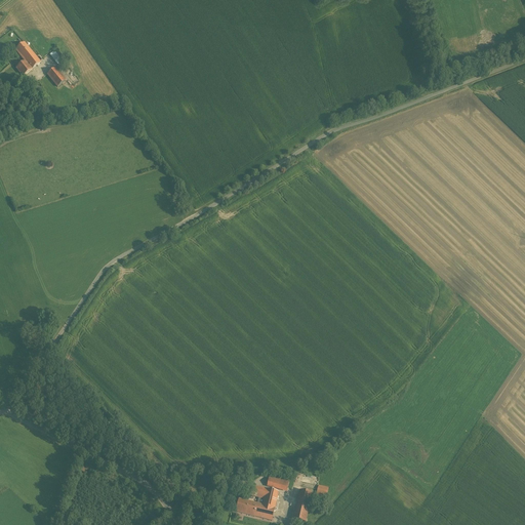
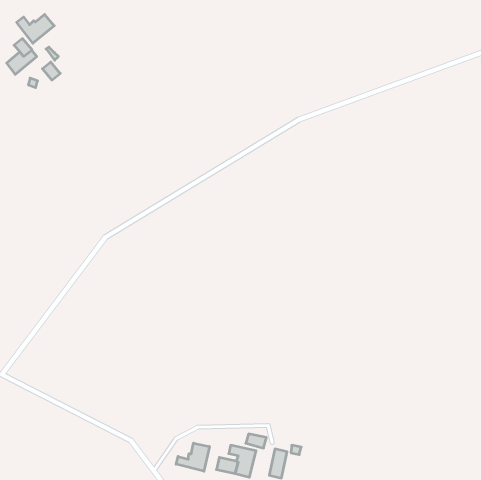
building: none -> [17,14,54,43]
building: none -> [176,443,209,471]

